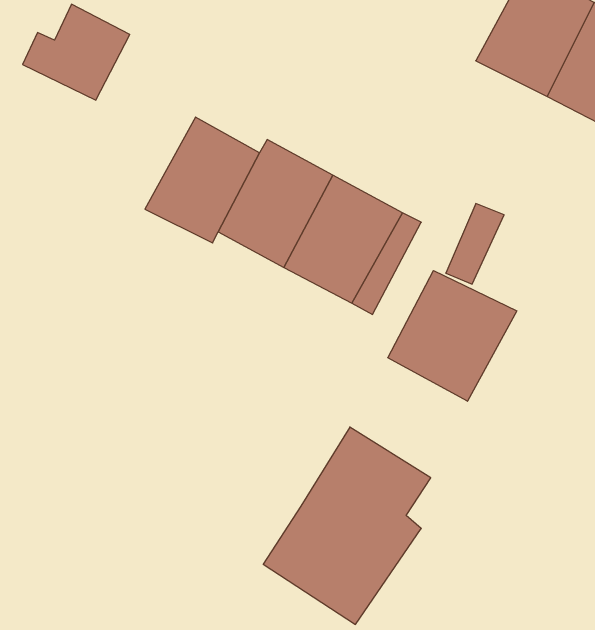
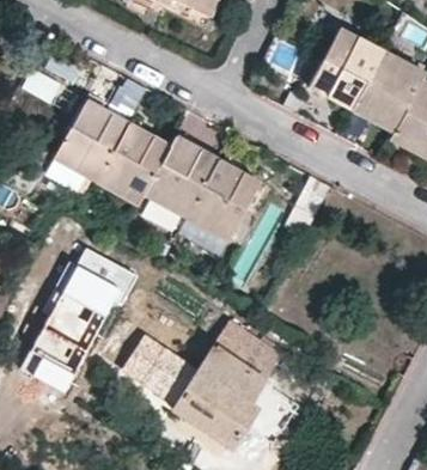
building: none -> [56,99,130,181]
building: [388,271,517,401] -> none
building: none -> [22,251,140,396]
building: none -> [124,338,197,407]

